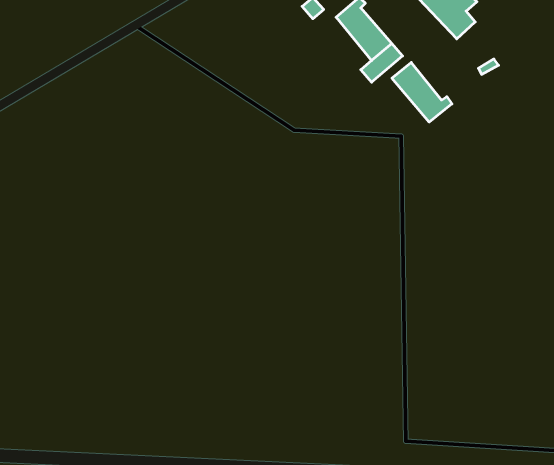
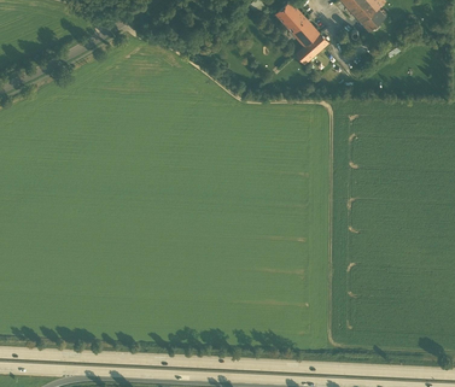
building: [392,62,452,122] -> none

